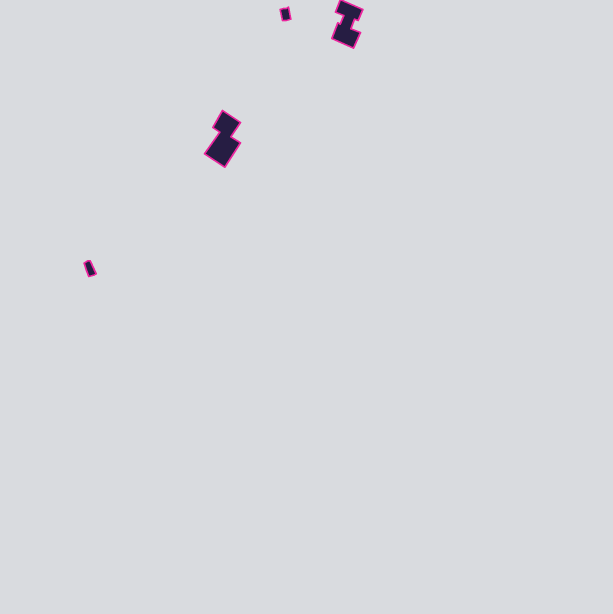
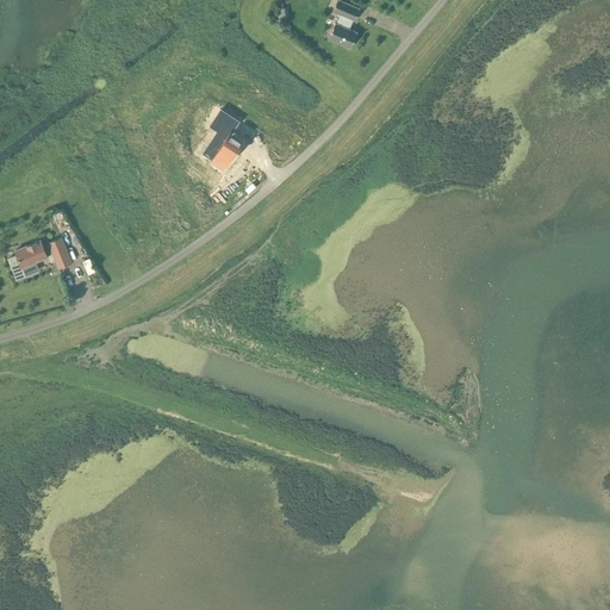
building: none -> [10,237,73,279]

